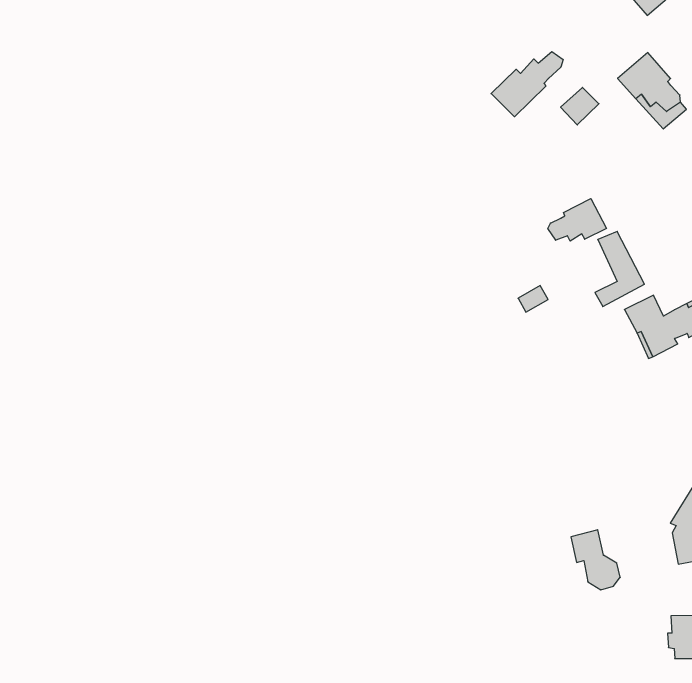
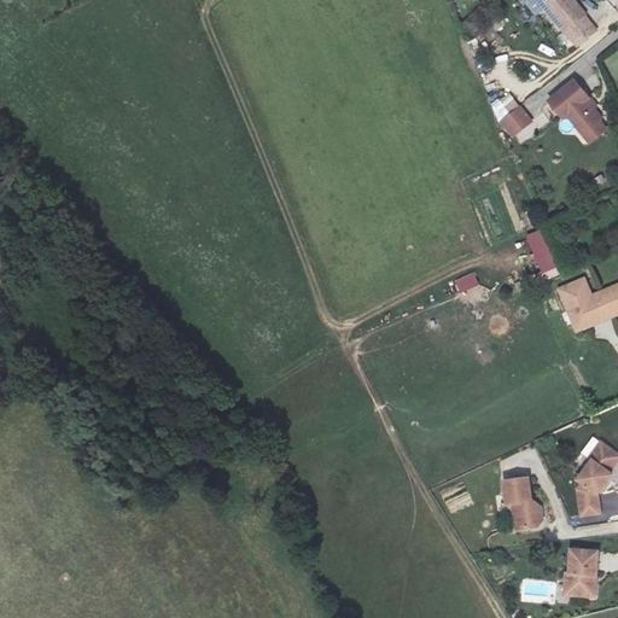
building: [491,52,563,117] -> none
building: [548,199,606,241] -> none

